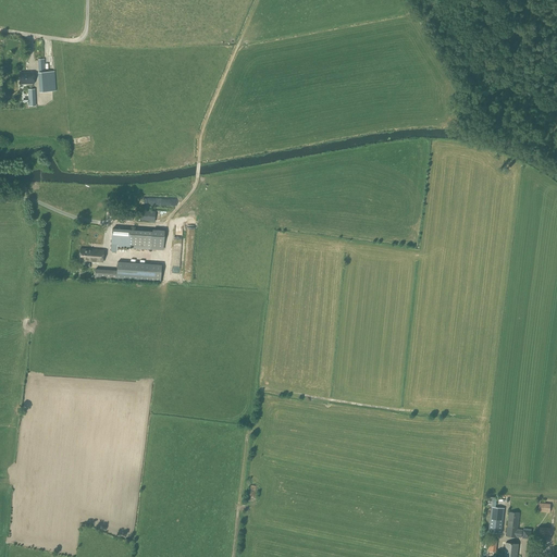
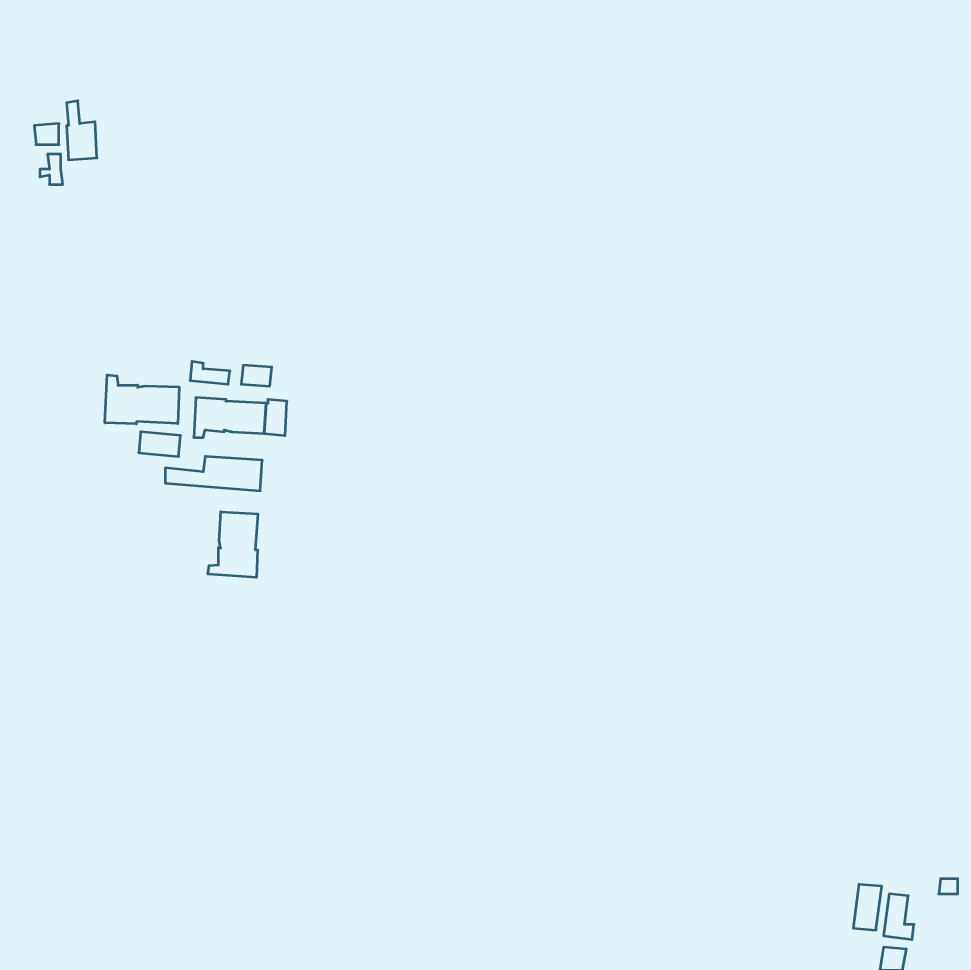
building: none -> [105,375,179,424]
building: none -> [208,512,258,577]

